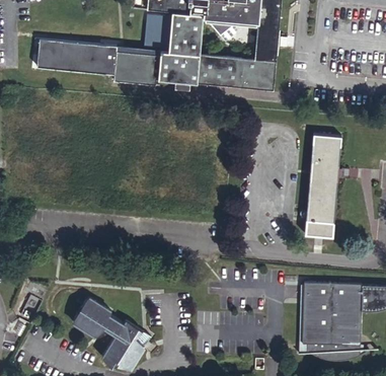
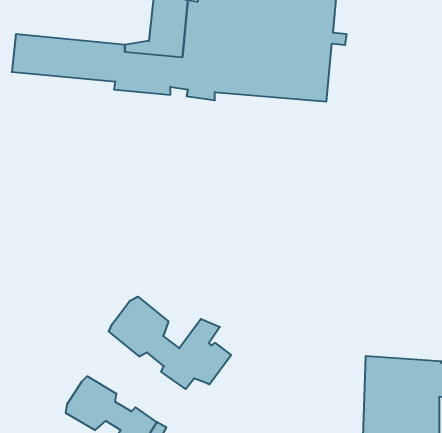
building: [305,134,341,234] -> none
building: none -> [109,297,231,389]

